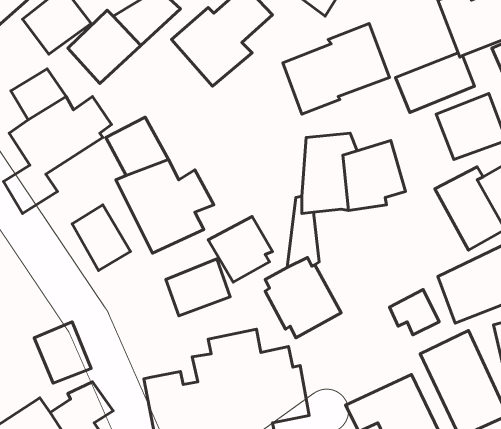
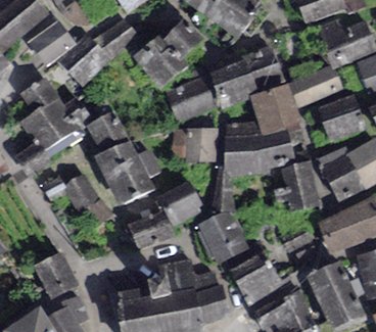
building: none -> [164,75,217,124]
building: none -> [248,82,300,134]
building: none -> [173,128,218,161]
building: none -> [281,159,321,210]
building: none -> [228,253,286,307]

